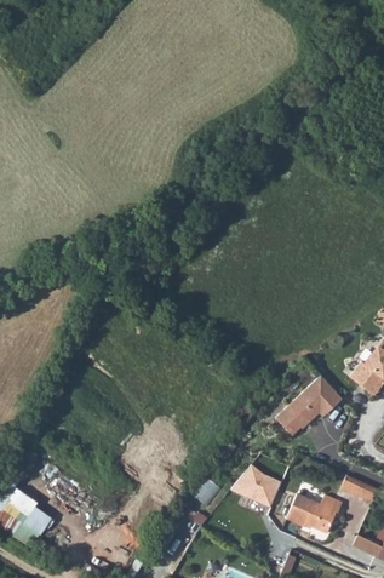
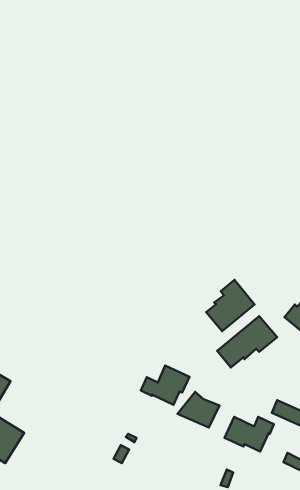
building: none -> [206,280,254,331]
building: none -> [141,365,190,405]

